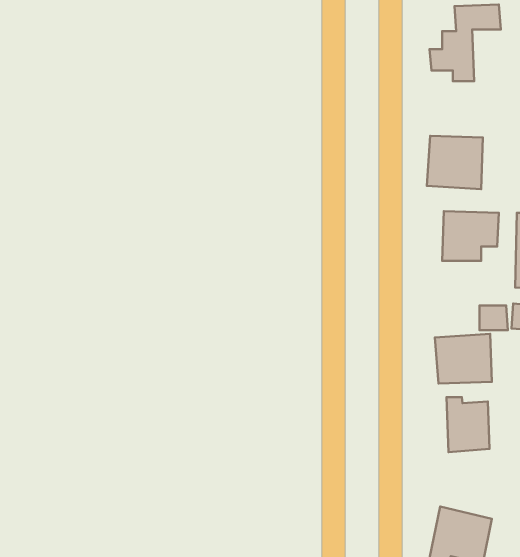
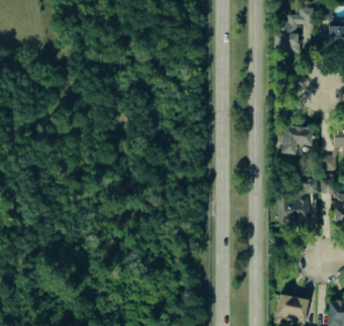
building: [427,136,483,189] -> none
building: [446,397,489,452] -> none

